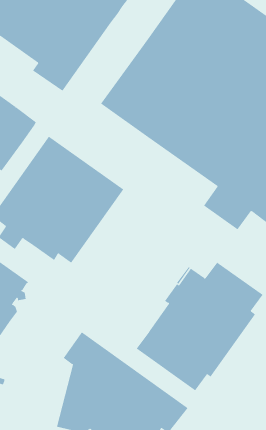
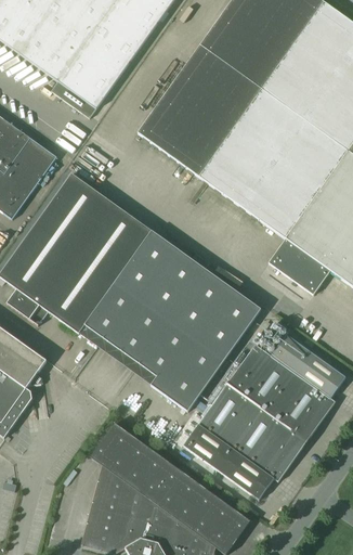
building: none -> [101,242,261,411]

